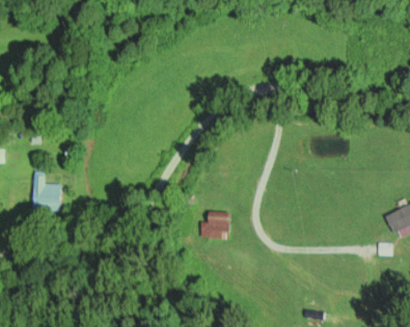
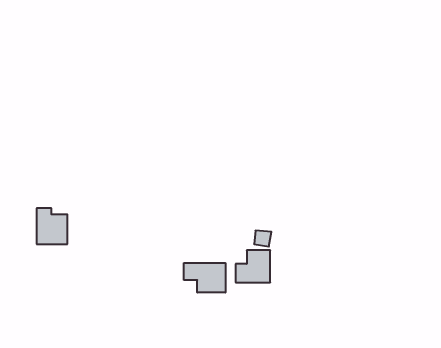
building: none -> [184,263,225,293]

